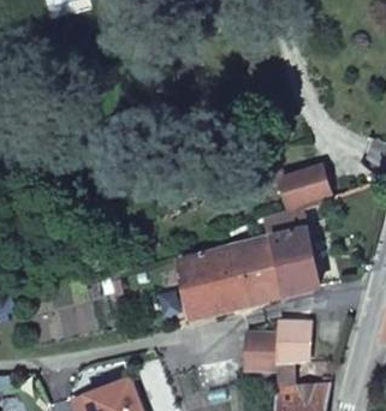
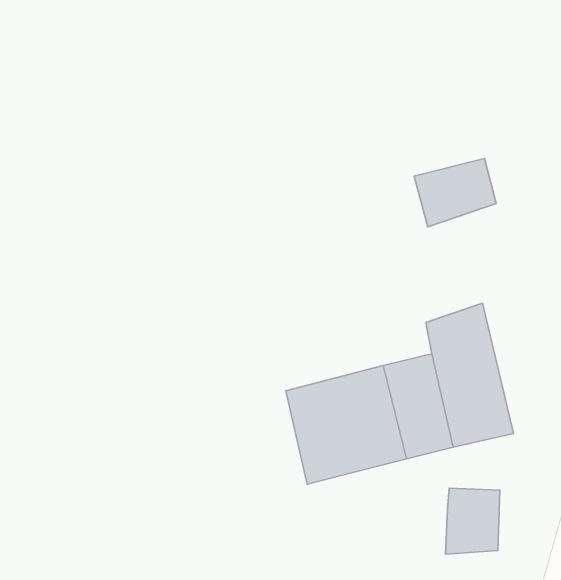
building: [280,167,331,209] -> [414,159,496,227]
building: [244,334,279,371] -> none

